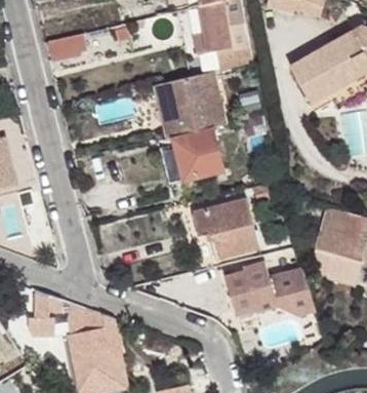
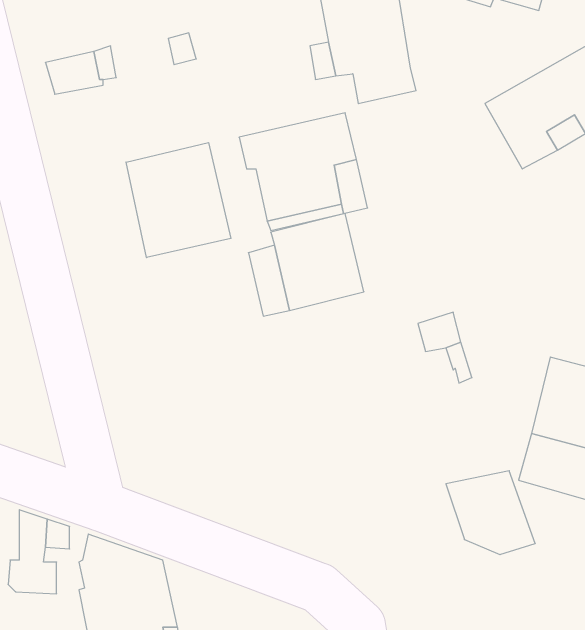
building: none -> [126,143,231,258]
building: [193,199,260,259] -> none
building: [226,260,279,318] -> none

